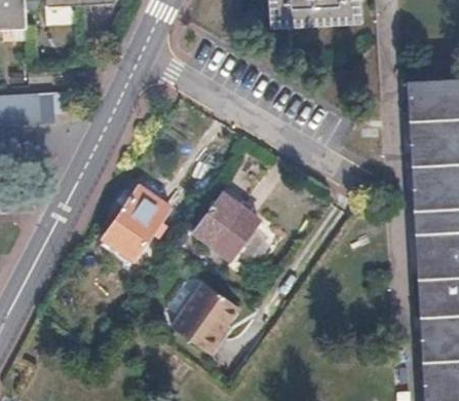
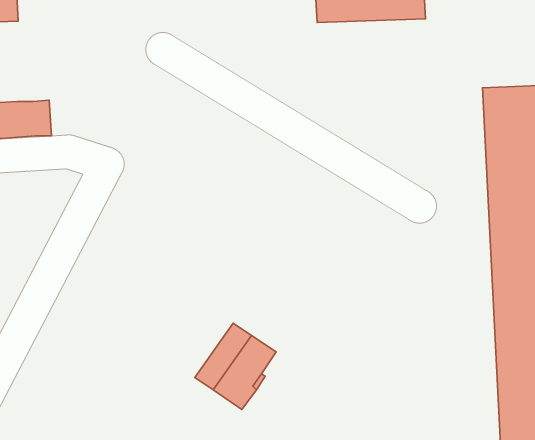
building: [104,185,167,255] -> none
building: [193,191,259,256] -> none

